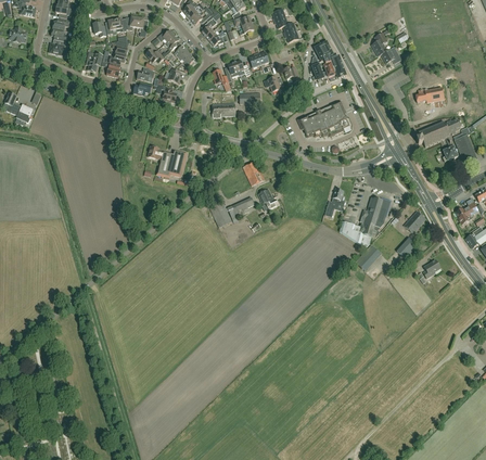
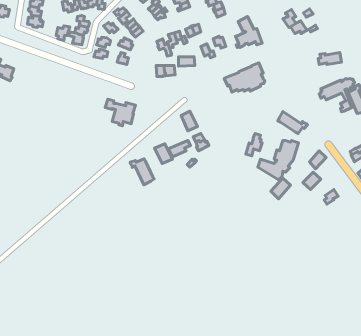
building: none -> [278,112,307,133]
building: none -> [130,159,154,185]

